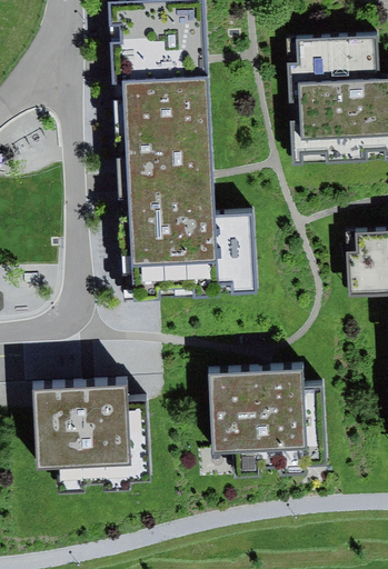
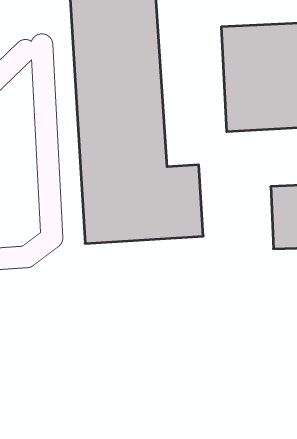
building: [205,359,327,473] -> none
building: [34,372,148,479] -> none

